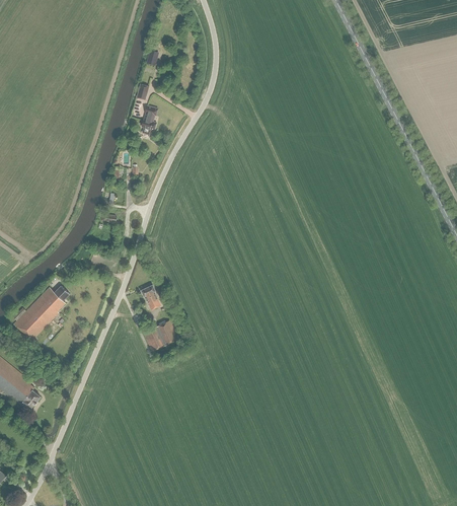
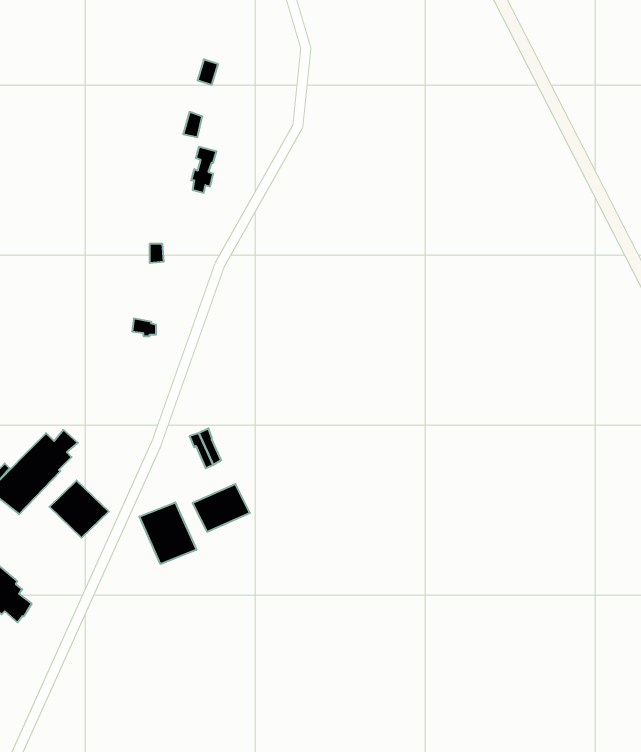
building: none -> [49,480,109,538]
building: none -> [139,502,196,564]

